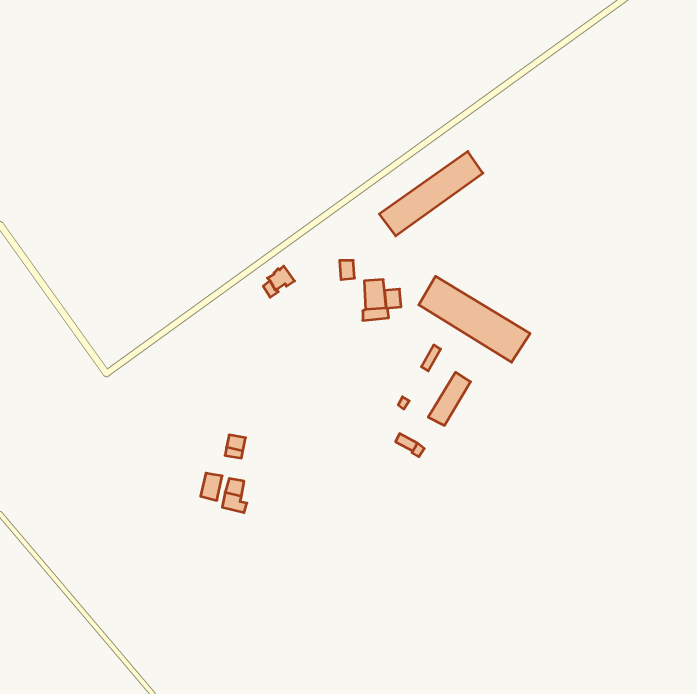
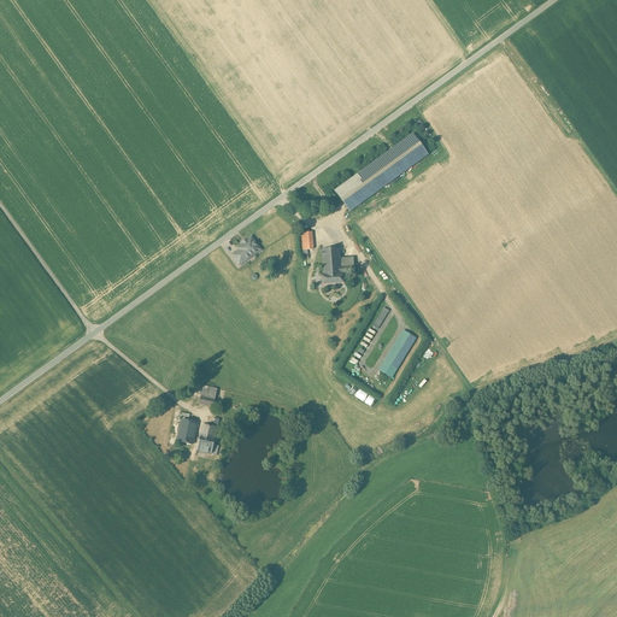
building: [419,276,530,362] -> none

